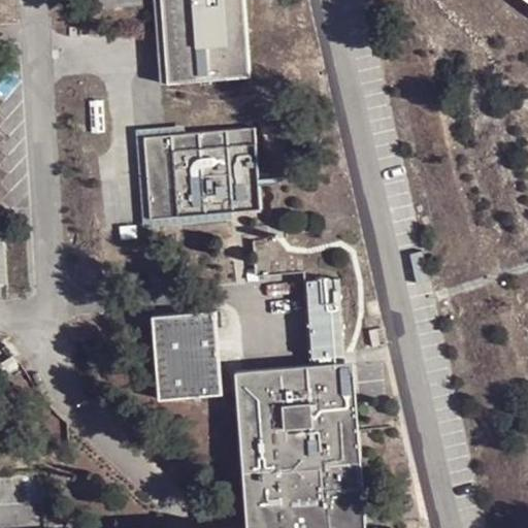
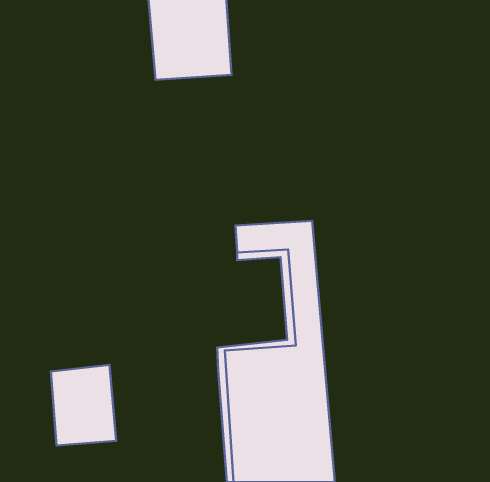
building: [143,132,259,222] -> none
building: [151,314,221,400] -> [51,365,116,446]

